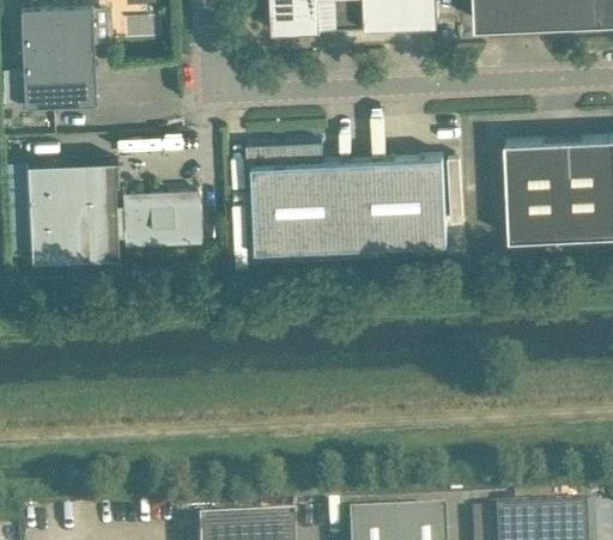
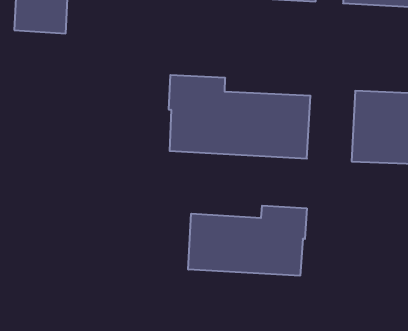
building: [28,163,200,263] -> none
building: none -> [188,206,307,276]

